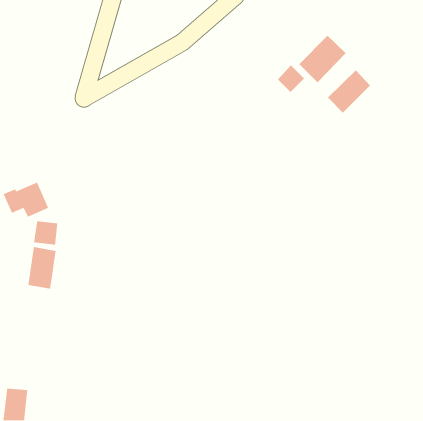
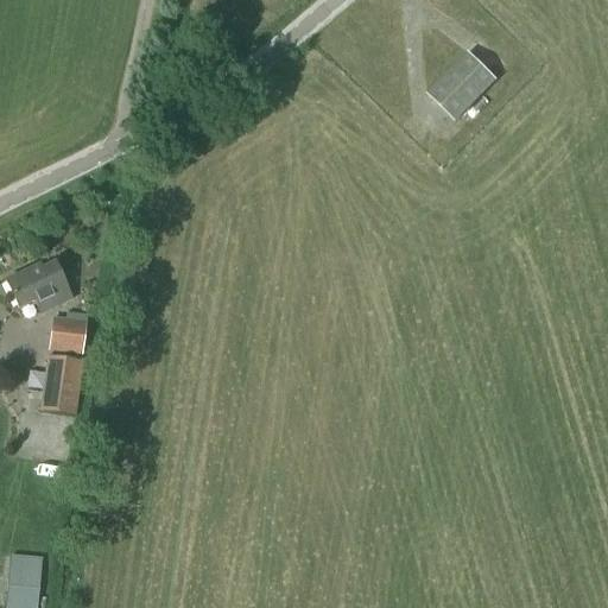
building: [277,65,305,93] -> none
building: [327,70,371,113] -> none

